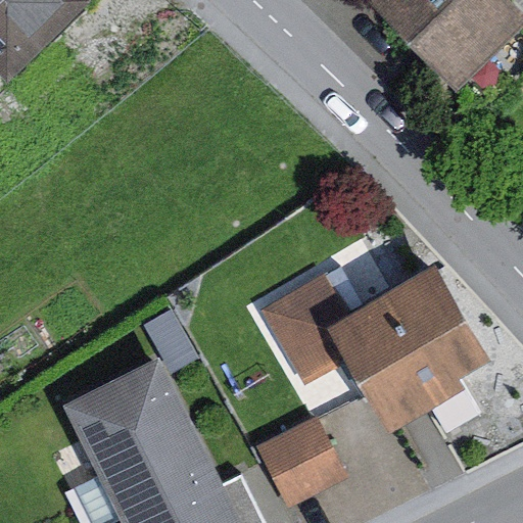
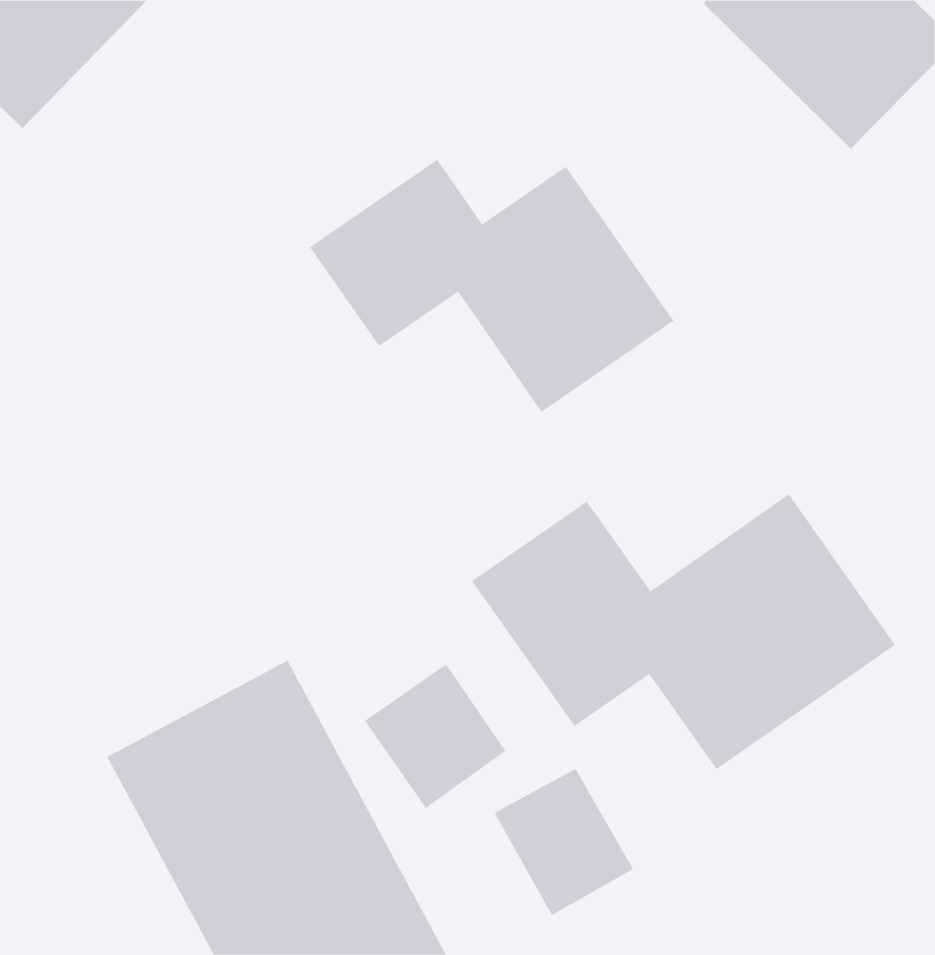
building: none -> [309,159,674,413]
building: none -> [364,664,506,809]

